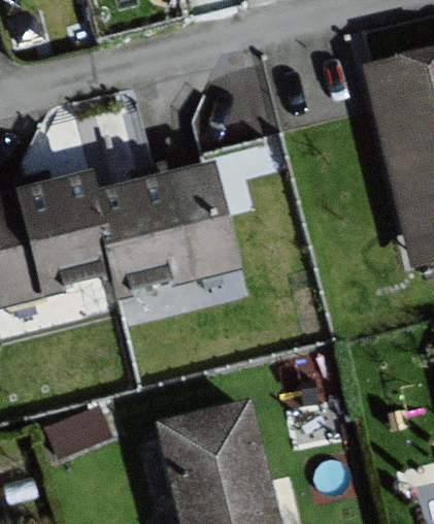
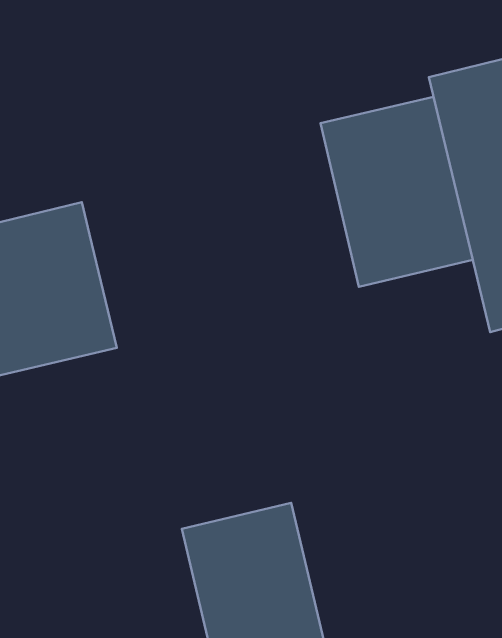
building: none -> [321,97,473,287]
building: [93,163,241,296] -> none

